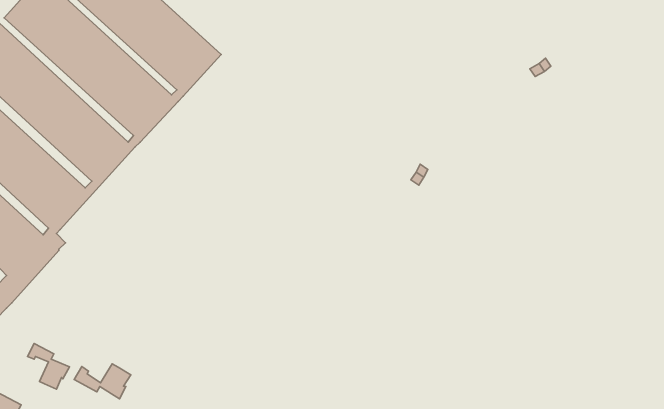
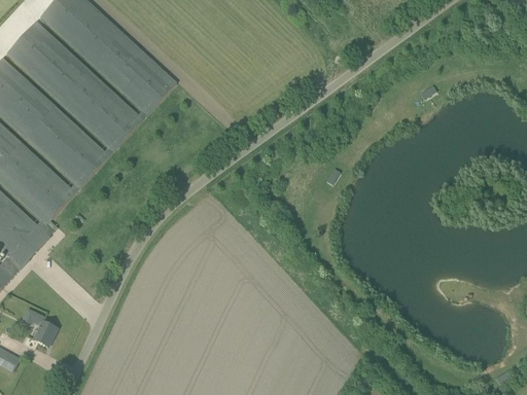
building: [74,364,131,399] -> none

